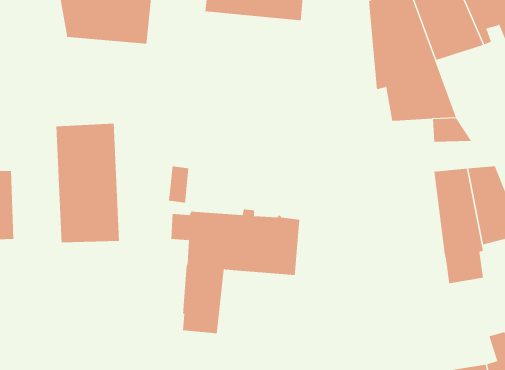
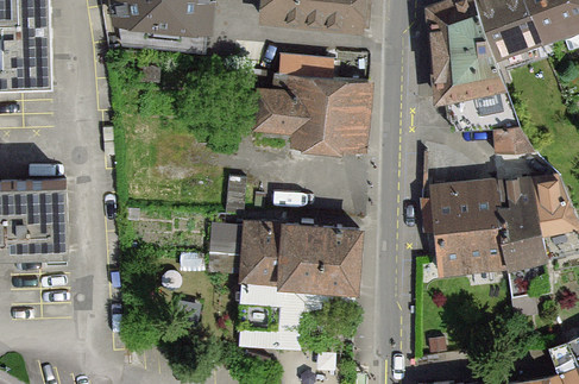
building: none -> [233,56,367,150]
building: [56,123,120,243] -> none
building: none -> [421,181,505,271]

